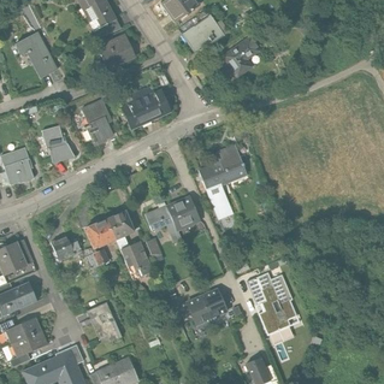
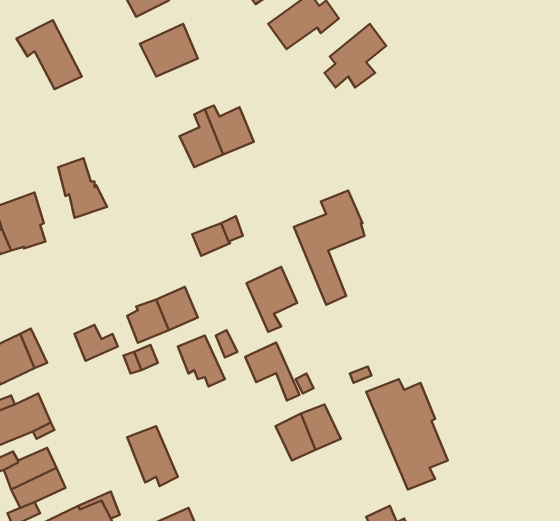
building: [77,99,113,147] -> none
building: [144,205,181,243] -> [245,342,300,400]

